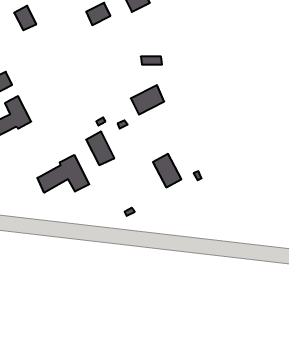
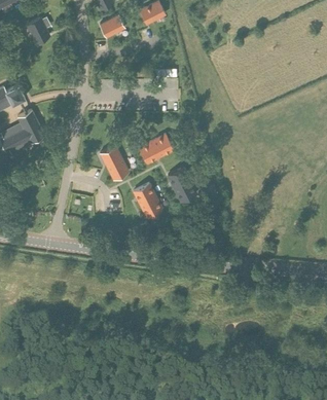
building: [131,85,164,115] -> [139,134,173,163]
building: [37,155,89,193] -> none
building: none -> [133,183,162,217]

